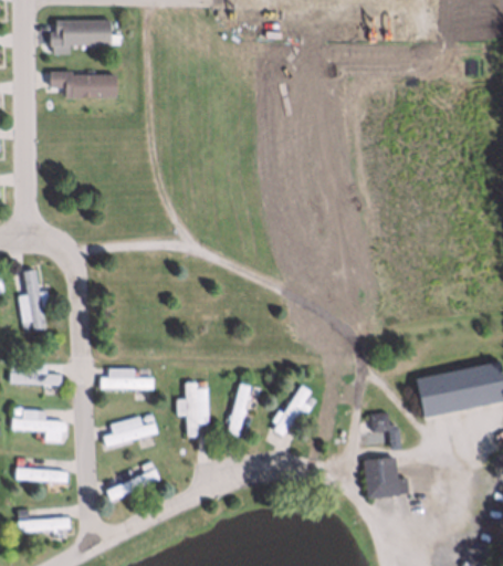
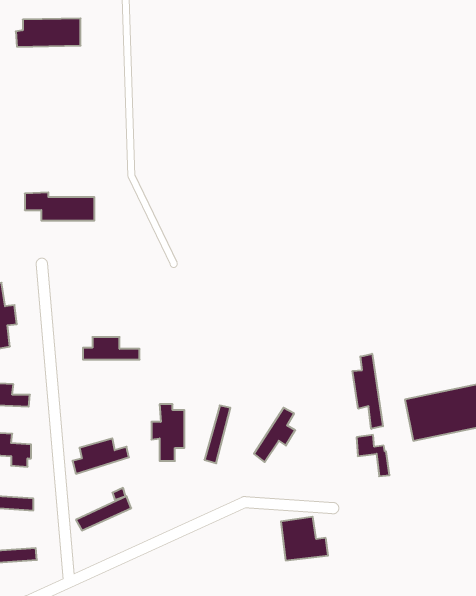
building: [51,72,116,98] -> [25,192,94,221]
building: none -> [353,354,383,429]
building: [99,367,153,388] -> [83,337,140,360]
building: [364,457,408,497] -> [281,517,328,560]

